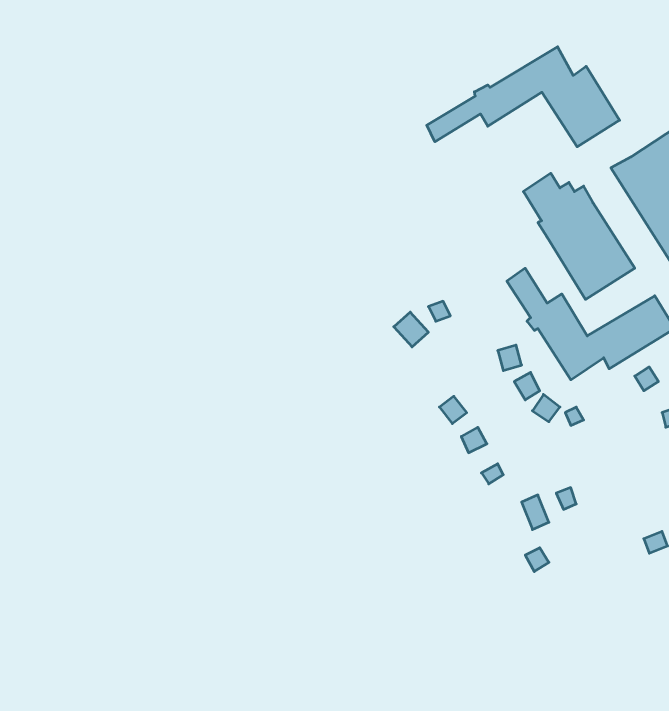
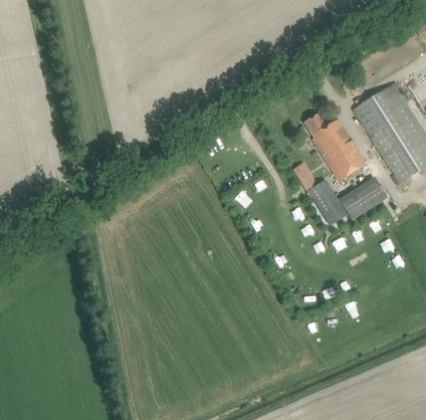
building: [427,47,620,147] -> none

